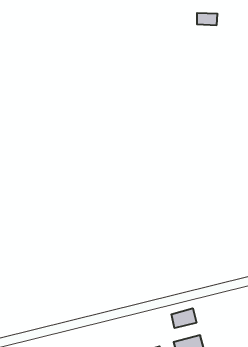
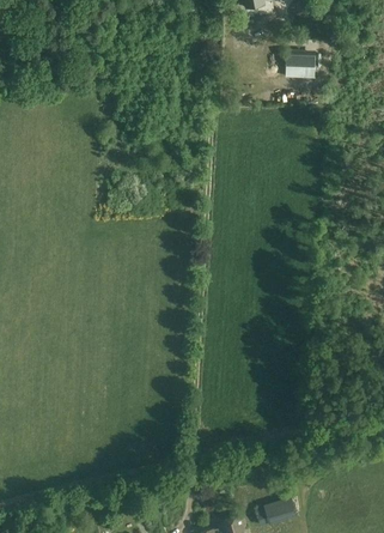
building: [171,308,196,328] -> none

